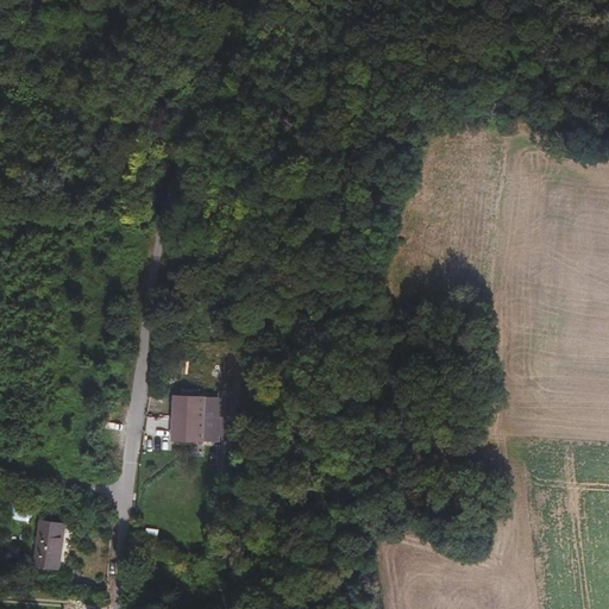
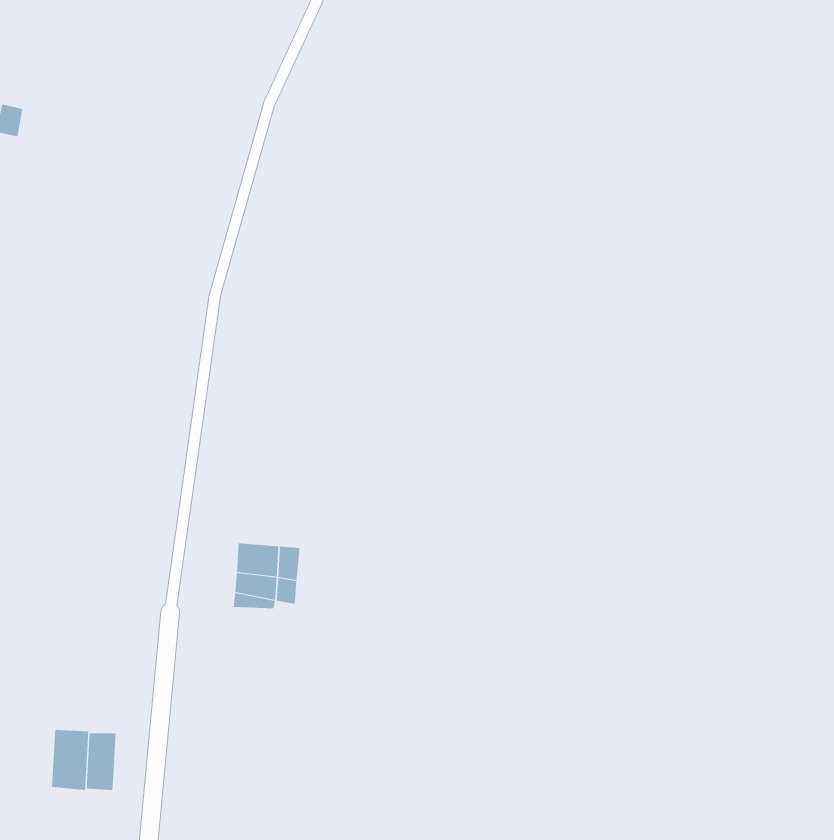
building: none -> [86,732,116,791]

